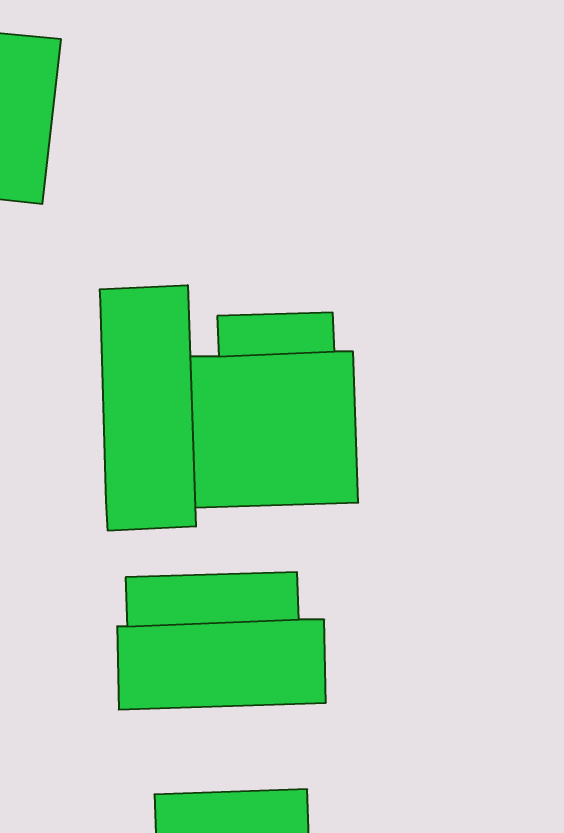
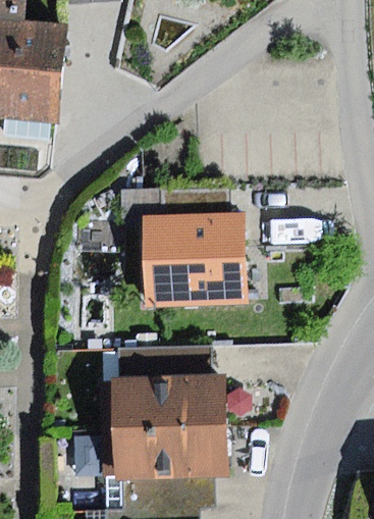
building: [100,285,196,531] -> none
building: none -> [101,423,227,479]

